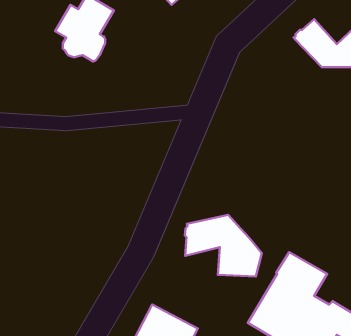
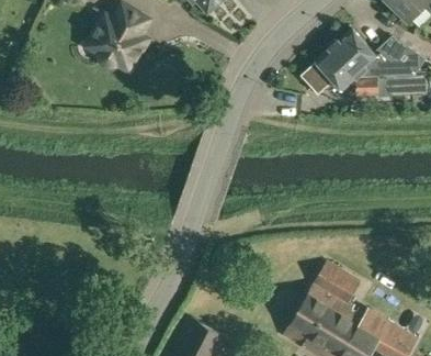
building: none -> [302,46,379,97]
building: [185,215,262,276] -> none

